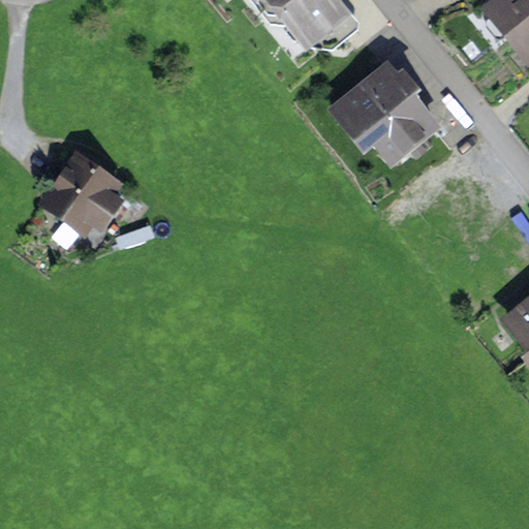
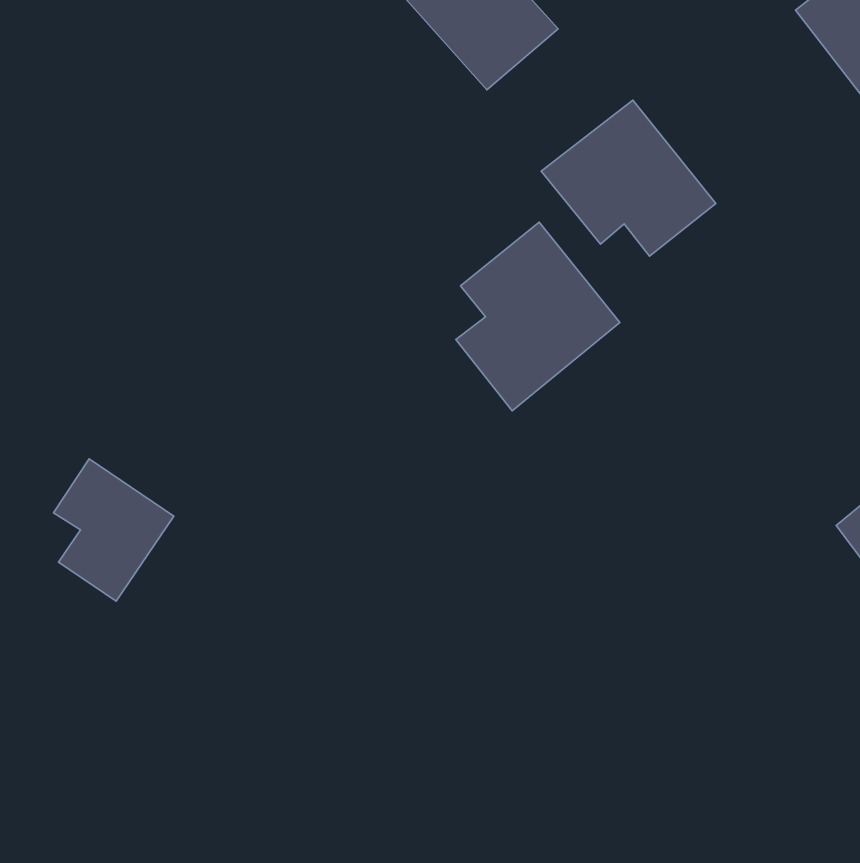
building: none -> [456,222,620,411]
building: [50,157,123,244] -> [53,459,174,601]

